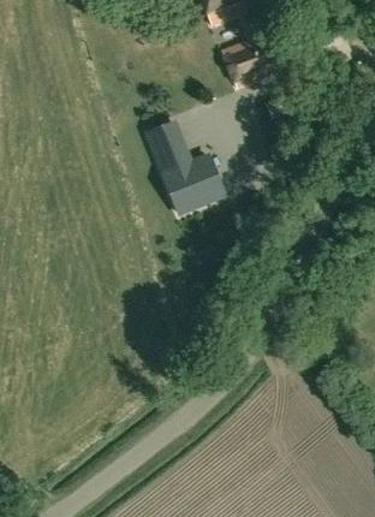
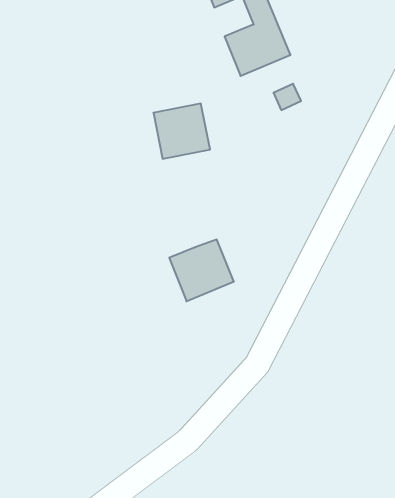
building: [162,156,221,213] -> [169,239,234,301]

